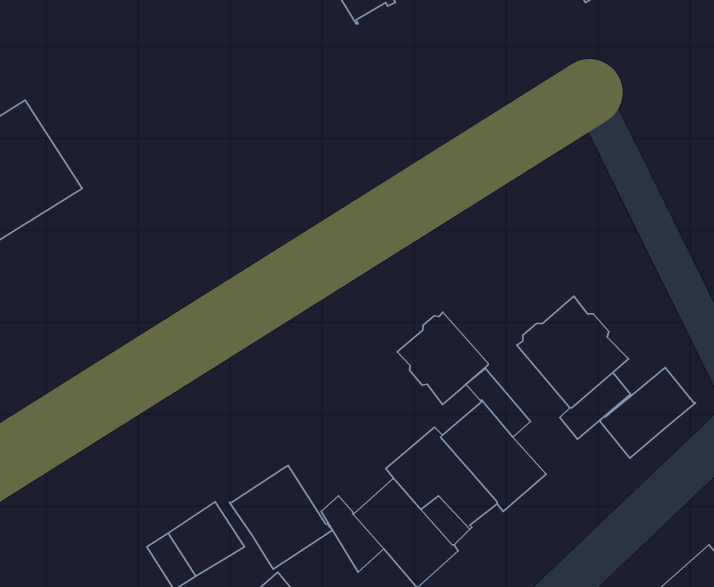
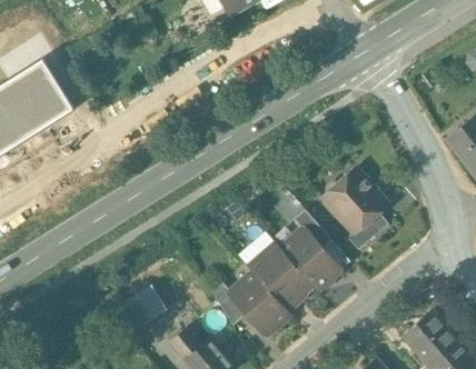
building: [397,312,488,405] -> none
building: [600,367,695,458] -> none
building: [230,466,332,569] -> none

